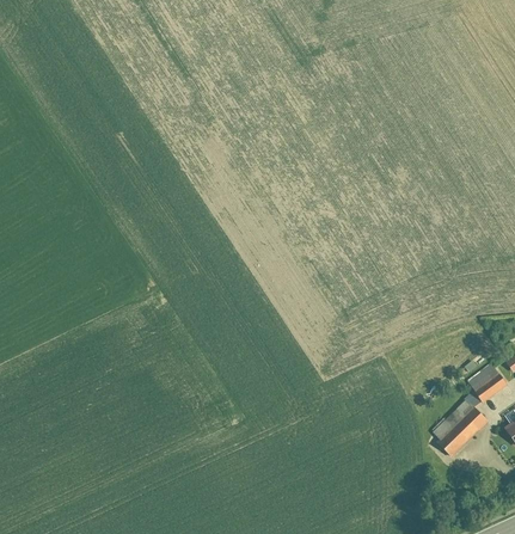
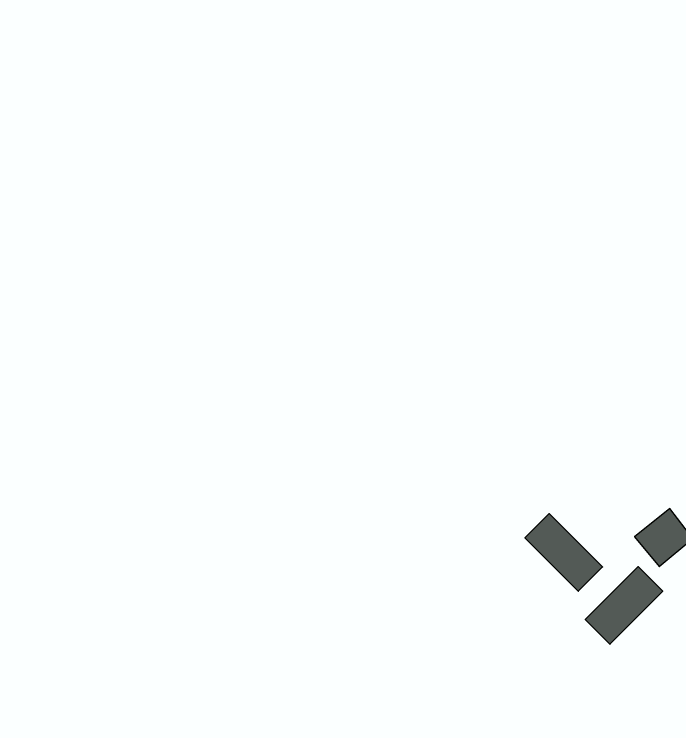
building: none -> [525,514,603,591]

